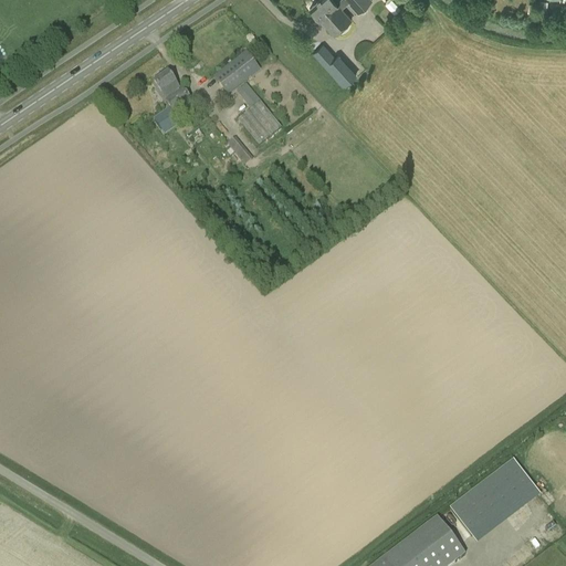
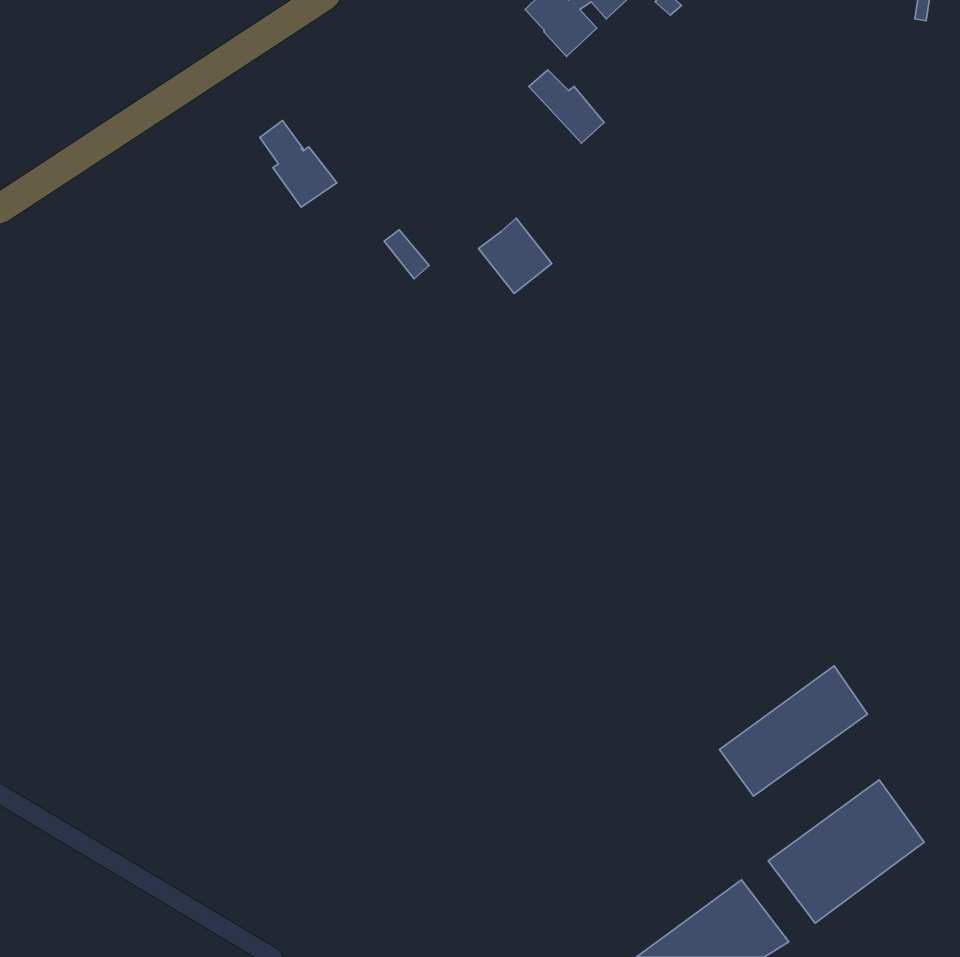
building: [212,49,259,93] -> none
building: [237,99,280,144] -> [479,218,552,294]
building: none -> [719,666,868,796]

